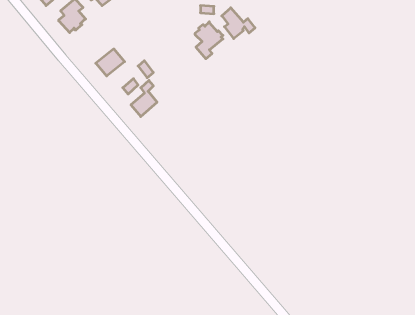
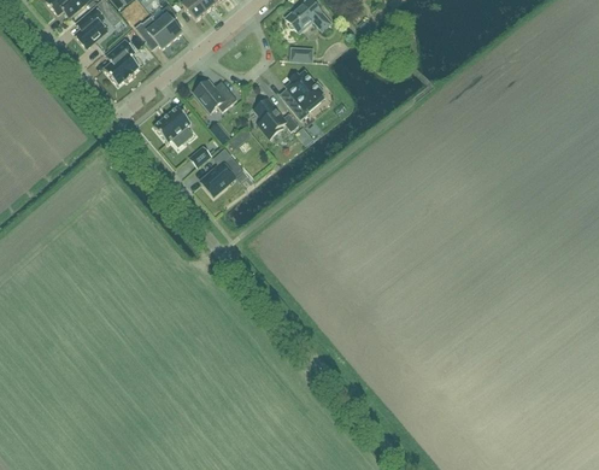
building: [222,8,255,39] -> [253,96,298,137]
building: none -> [193,78,235,111]

